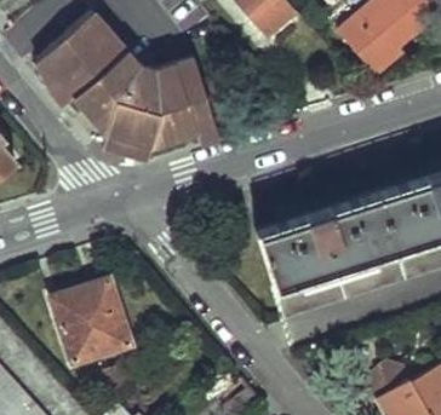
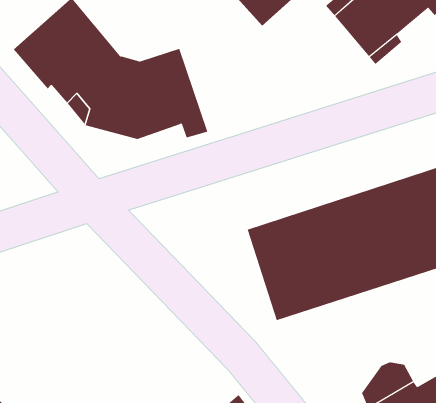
building: [51,279,128,363] -> none

